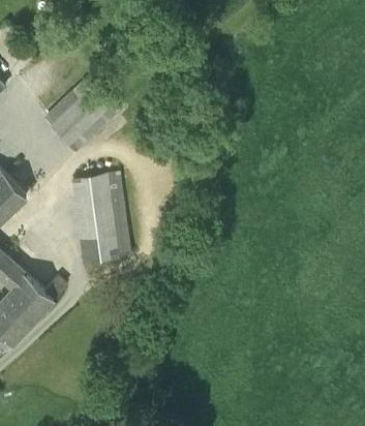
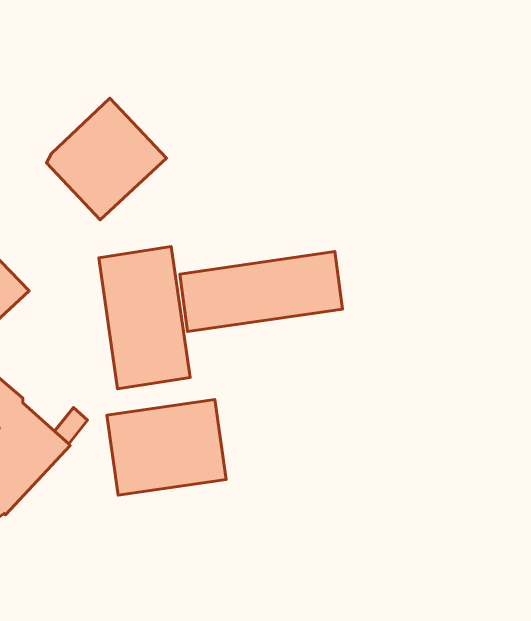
building: none -> [180,252,343,331]
building: none -> [107,399,226,495]

